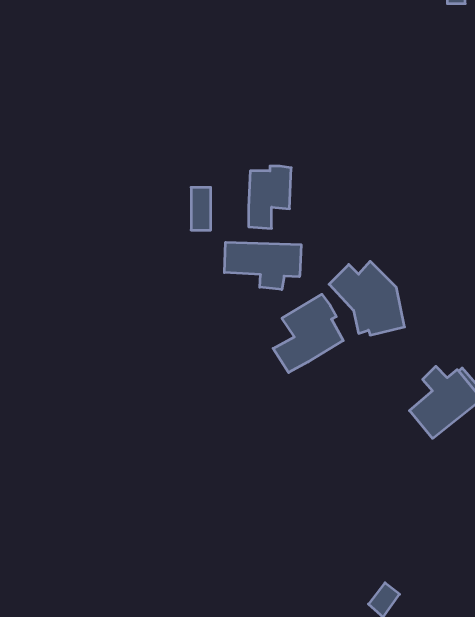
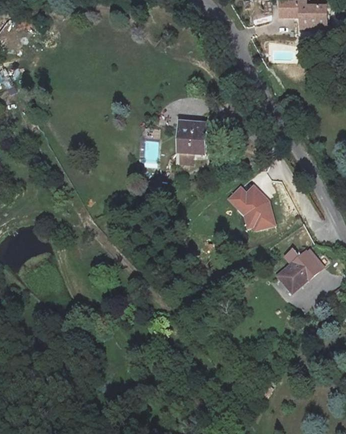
building: [224,242,301,290] -> none
building: [273,294,343,373] -> none

